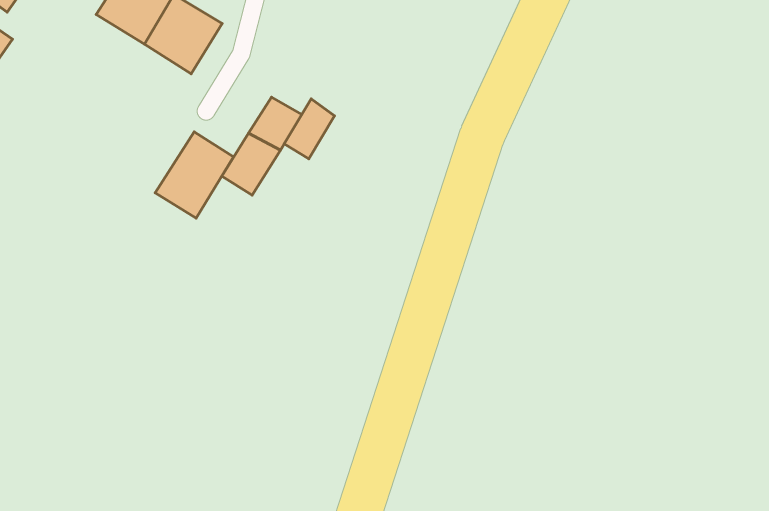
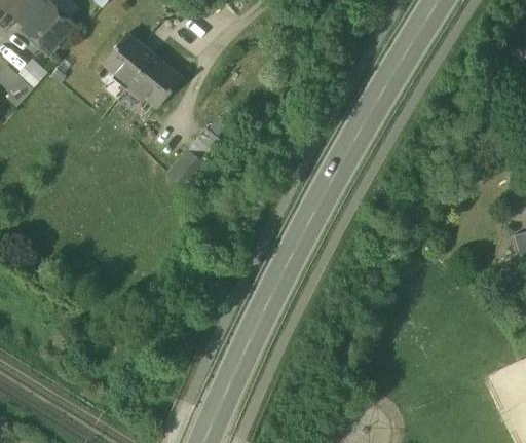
building: [284,99,335,159] -> none
building: [155,132,233,218] -> none

